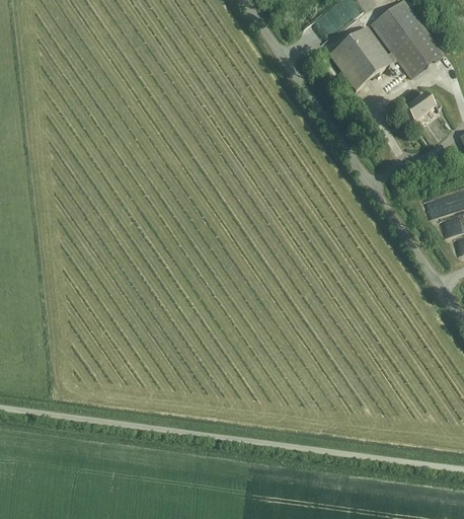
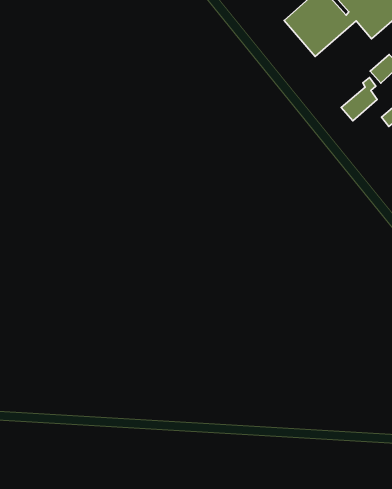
building: none -> [341,77,377,121]

